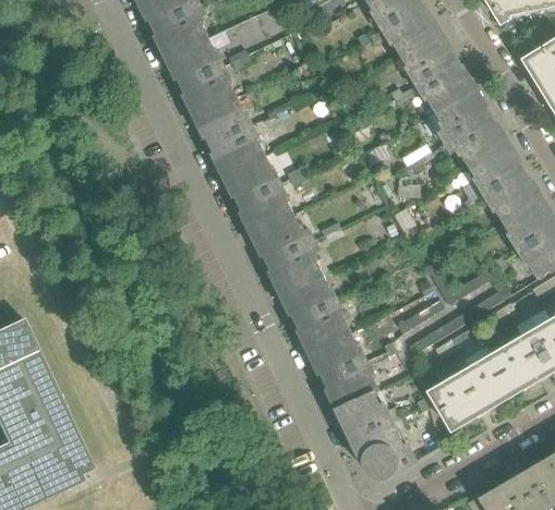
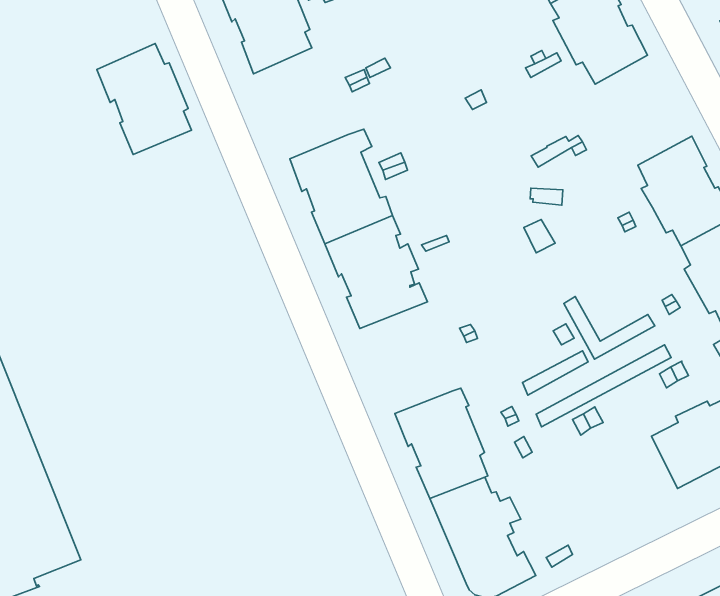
building: [436,87,507,166] -> none
building: [193,96,263,175] -> [97,44,191,154]
building: [279,270,348,352] -> none
building: [430,357,511,429] -> none

